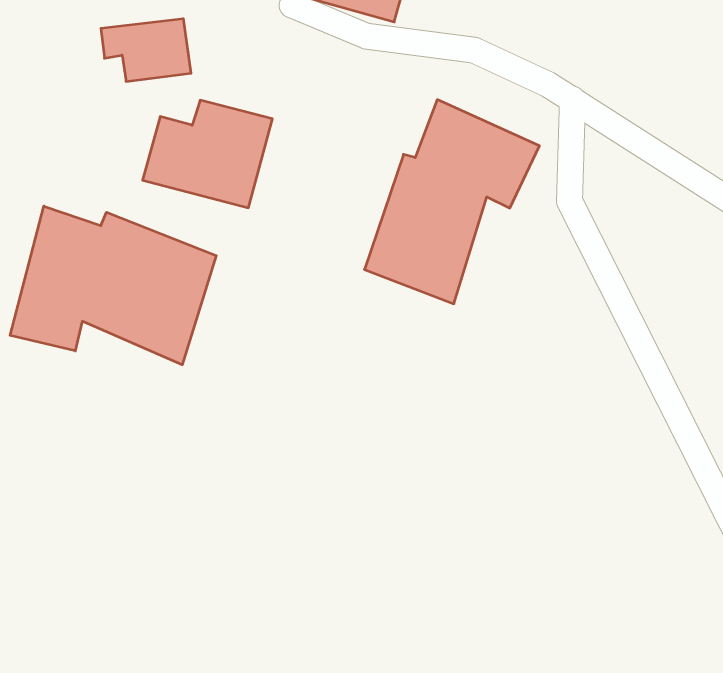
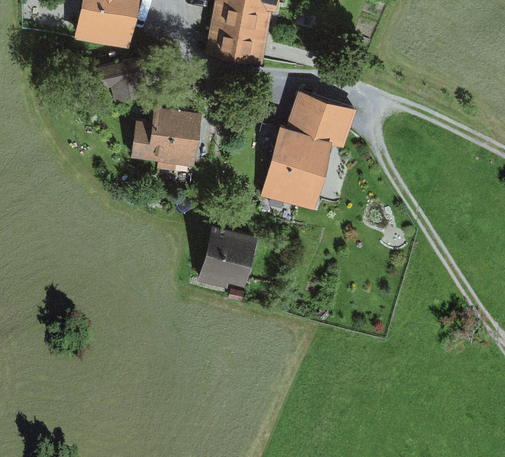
building: [10,206,216,365] -> none
building: none -> [198,228,256,288]

